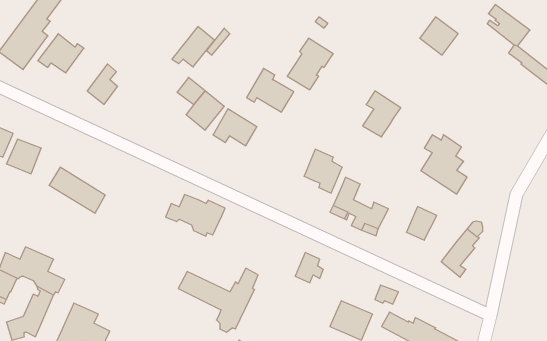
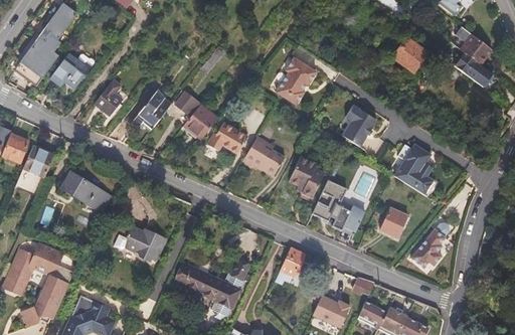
building: [172,27,215,67] -> [133,91,171,127]
building: [247,68,294,112] -> [241,136,284,175]
building: [166,195,225,236] -> [114,228,167,266]

